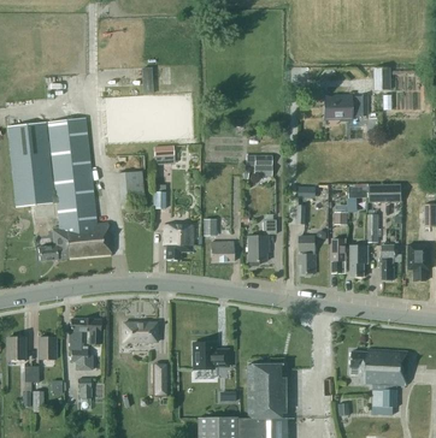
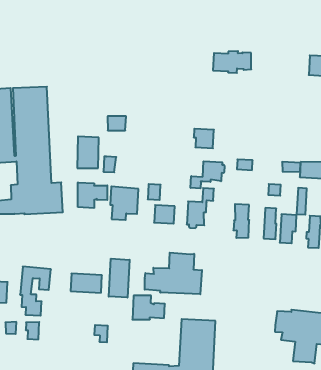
building: [324,95,366,119] -> [213,51,251,73]
building: none -> [191,161,225,188]
building: none -> [78,182,107,208]
building: none -> [145,253,202,294]
building: none -> [109,259,130,298]

